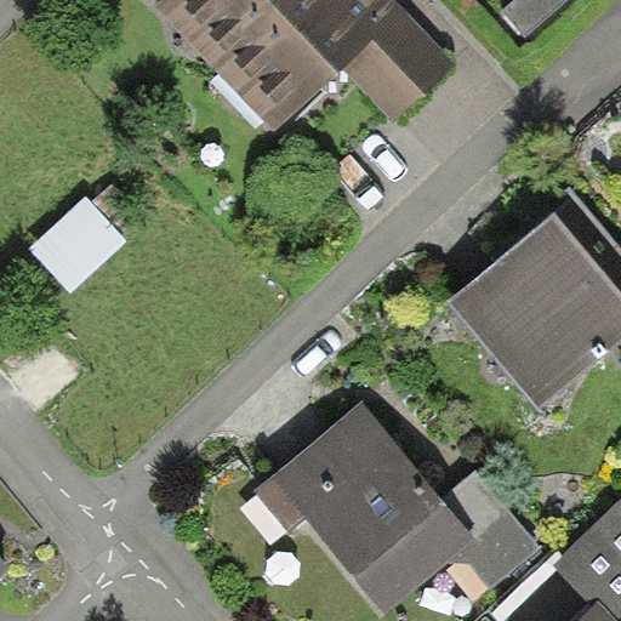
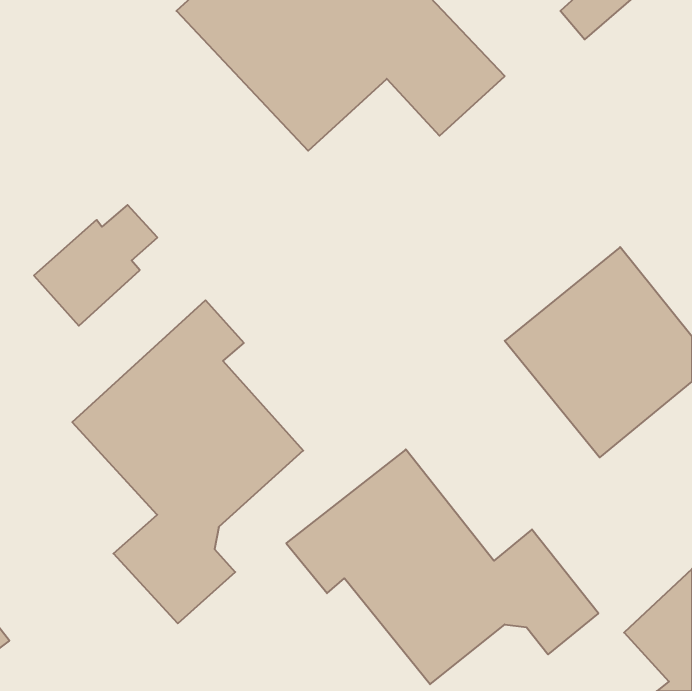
building: none -> [72,300,303,623]

